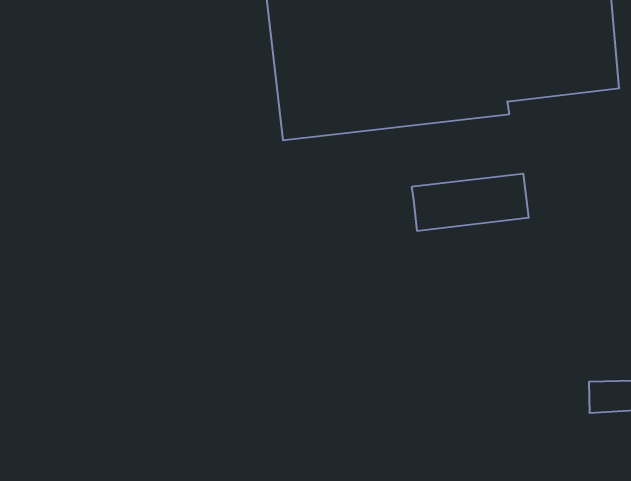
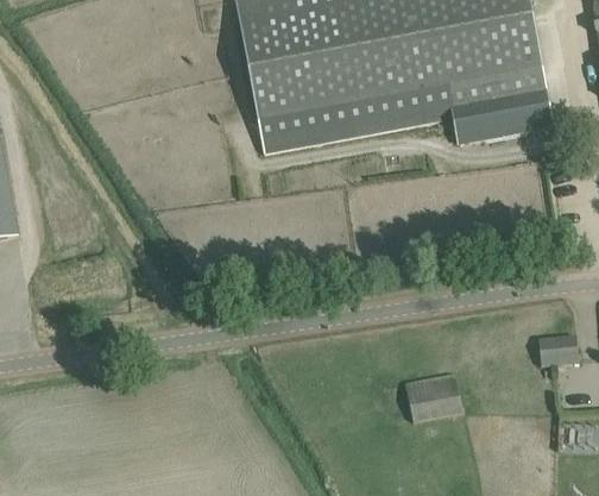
building: [412,174,529,231] -> [452,88,553,143]
building: none -> [404,372,461,421]

